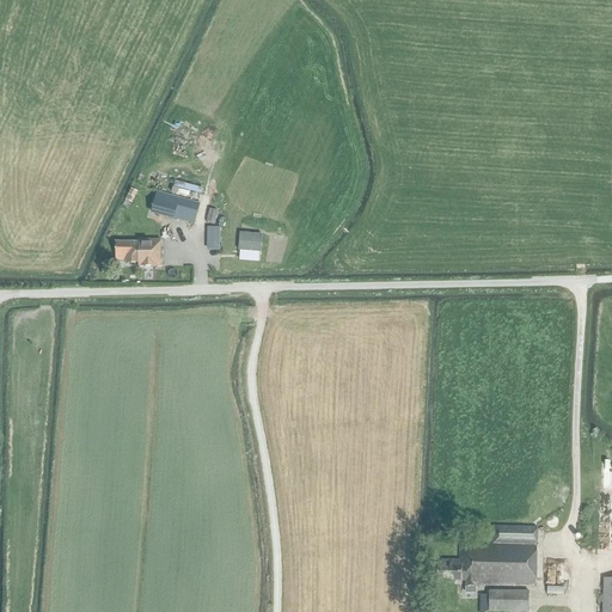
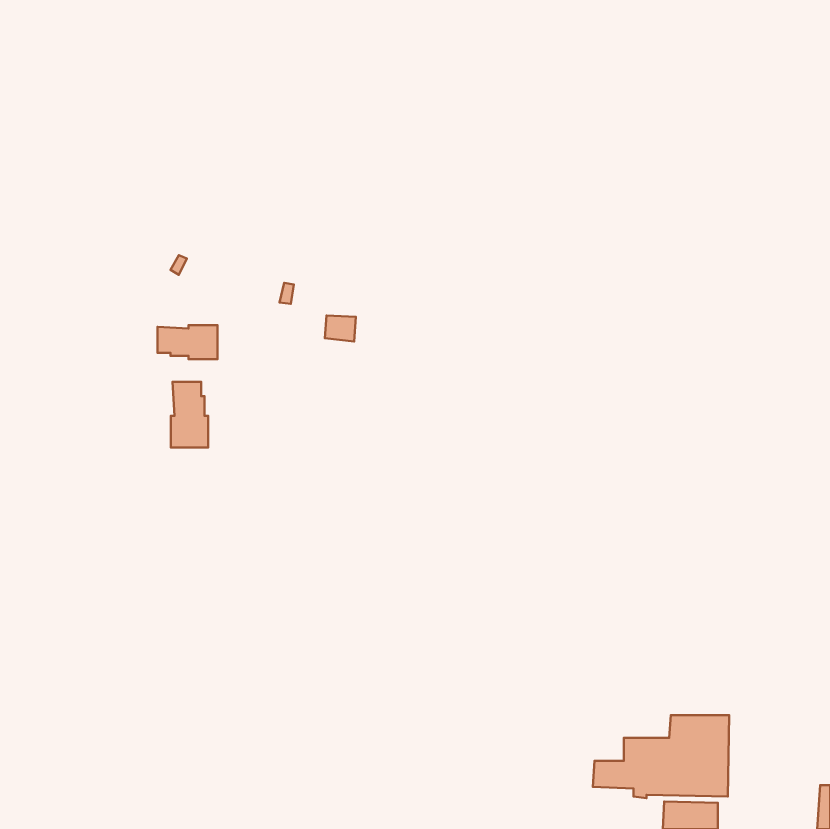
building: [151,190,200,222] -> none
building: none -> [171,382,208,448]

